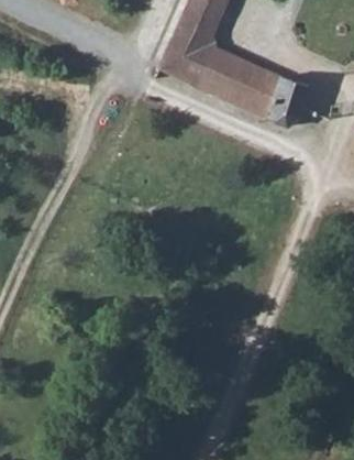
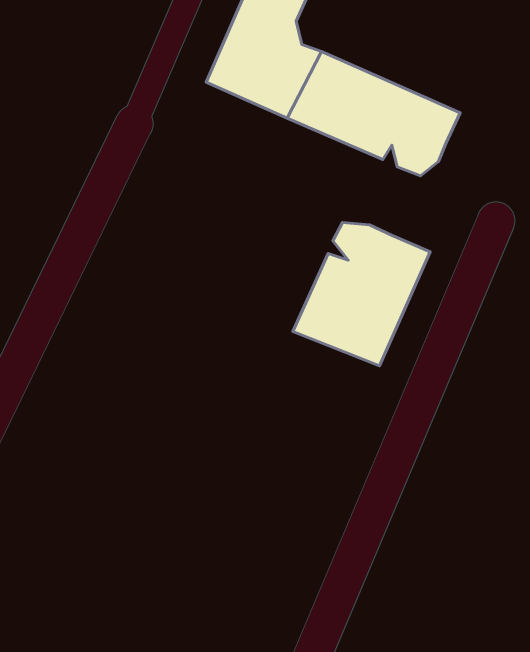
building: none -> [293,223,430,366]

